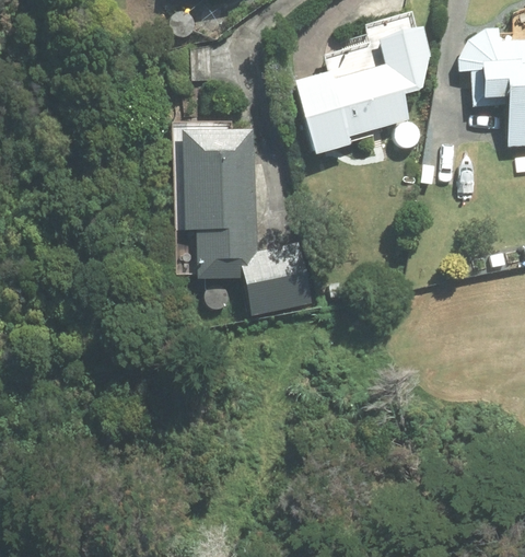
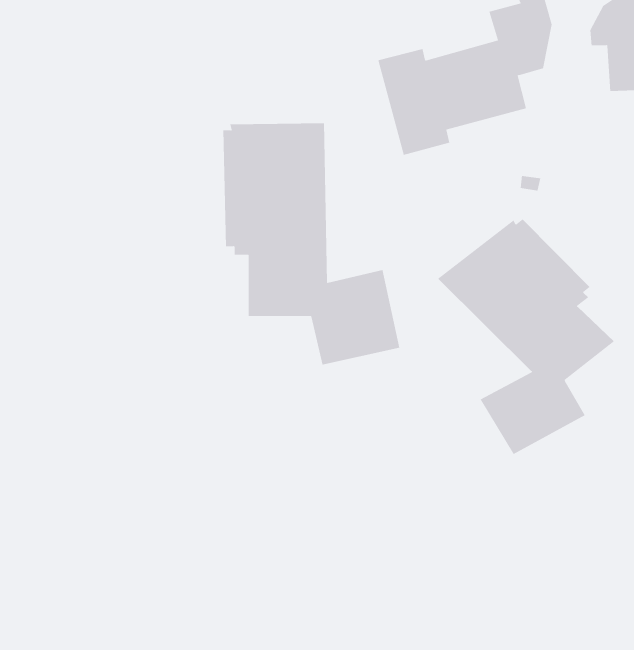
building: none -> [437,218,615,455]

